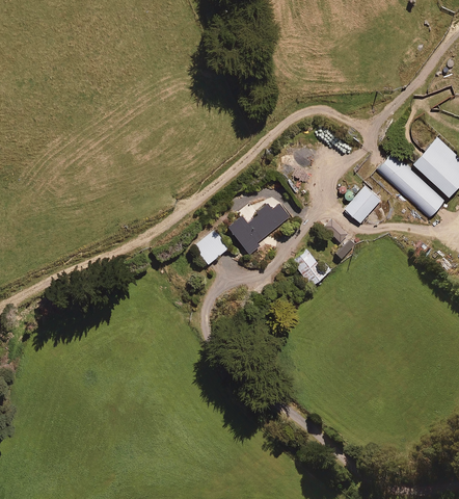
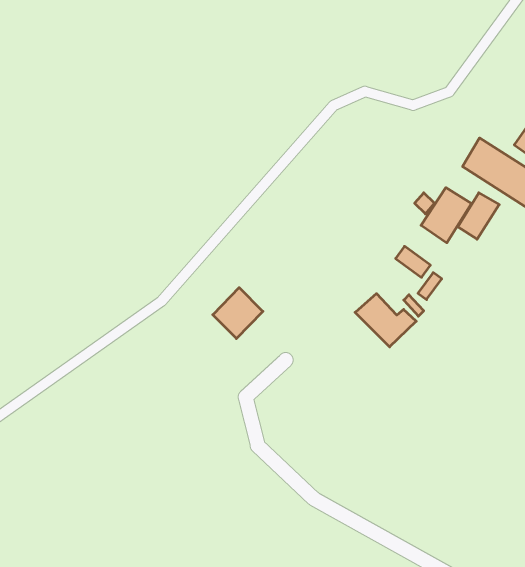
building: none -> [458,193,499,239]
building: [225,204,288,254] -> none

